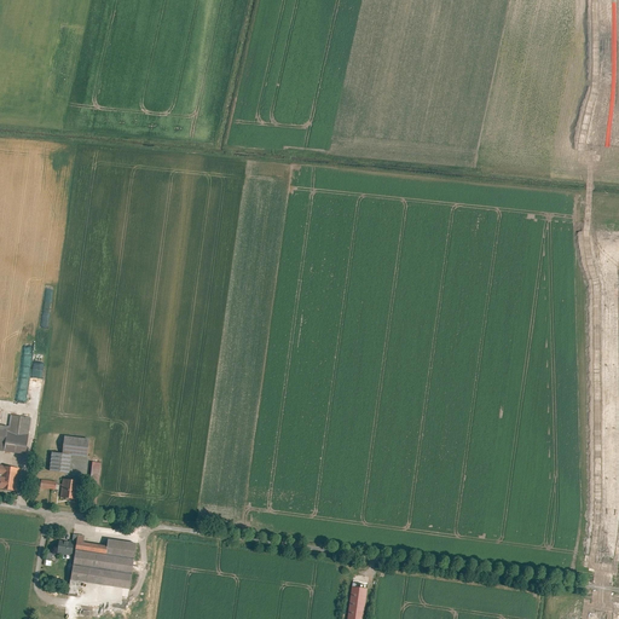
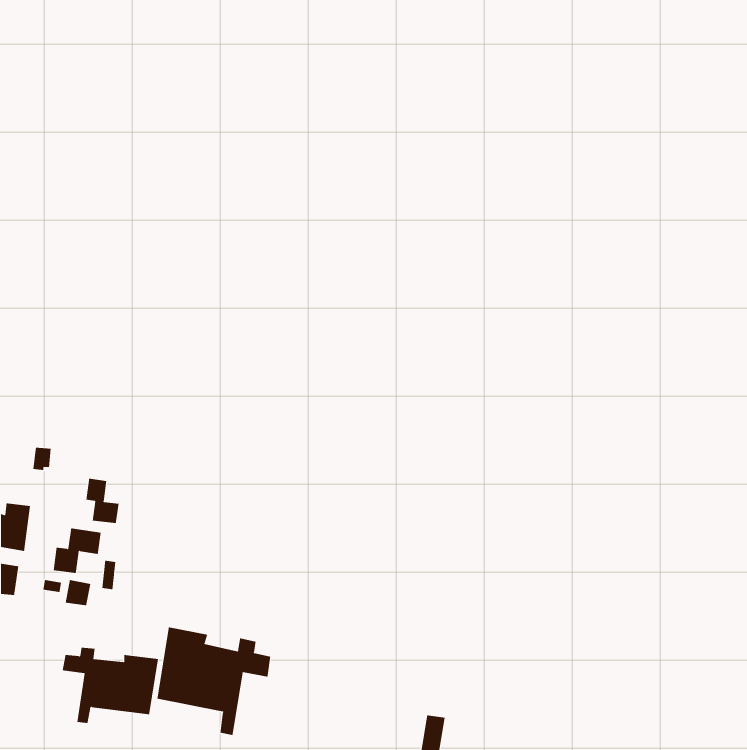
building: none -> [86,478,119,524]
building: none -> [157,627,271,736]

